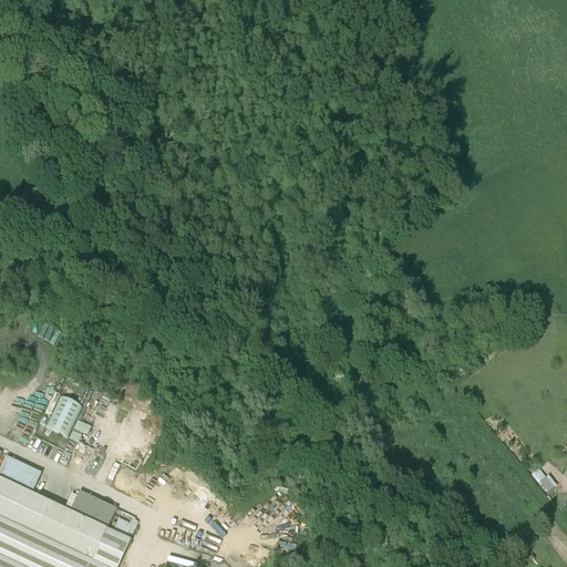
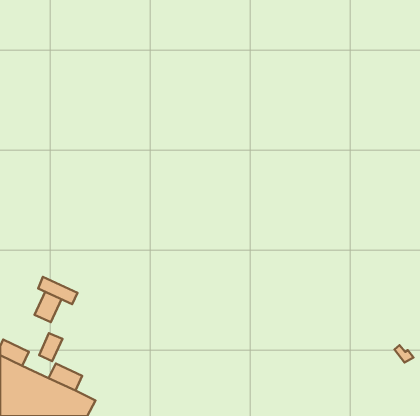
building: none -> [38,277,77,304]
building: none -> [39,333,63,361]

